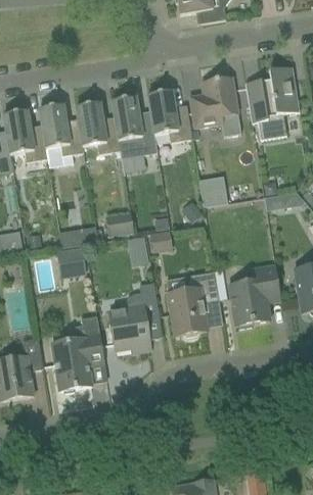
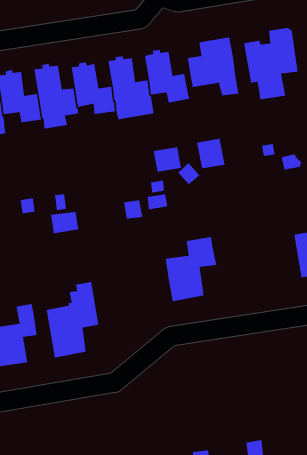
building: [104,211,133,237] -> [153,146,182,173]
building: [228,265,280,326] -> none
building: [108,283,159,352] -> none

